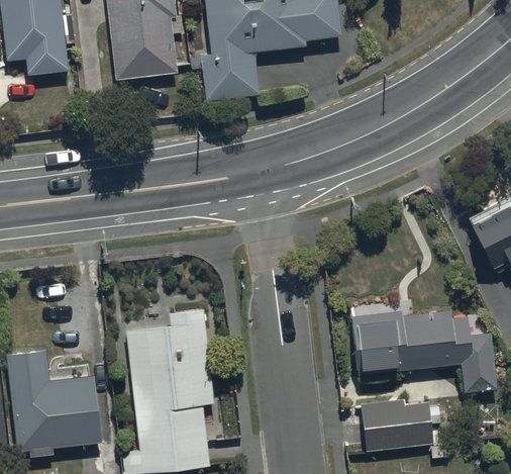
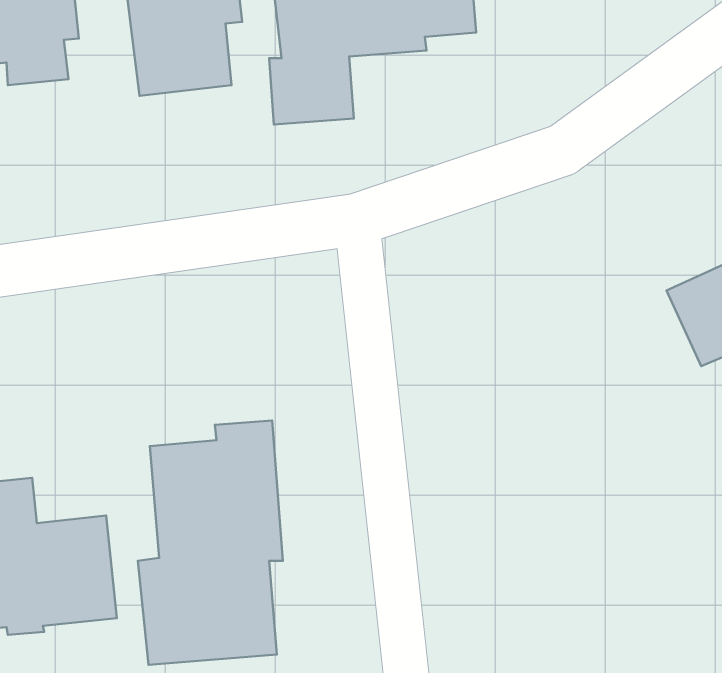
building: [354,312,500,393] -> none
building: [363,398,448,460] -> none

